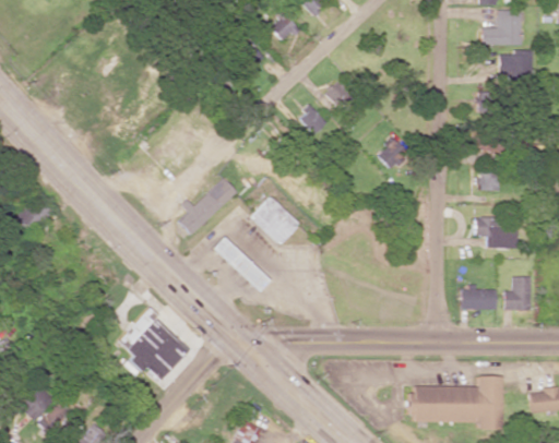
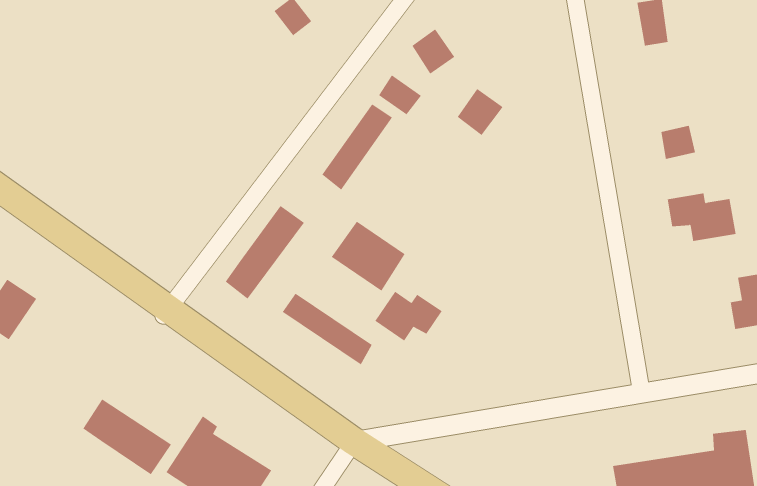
building: none -> [322,103,393,191]
building: [378,139,409,170] -> [457,88,504,136]
building: none -> [374,291,442,341]
building: none -> [83,398,172,475]
building: [462,288,498,310] -> none

